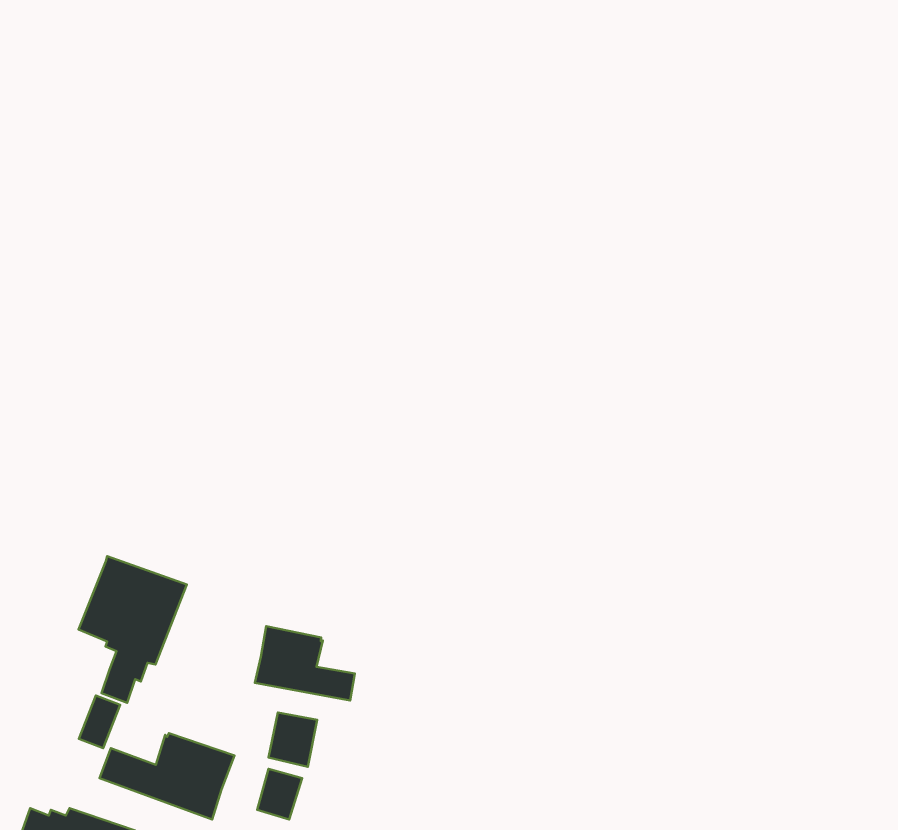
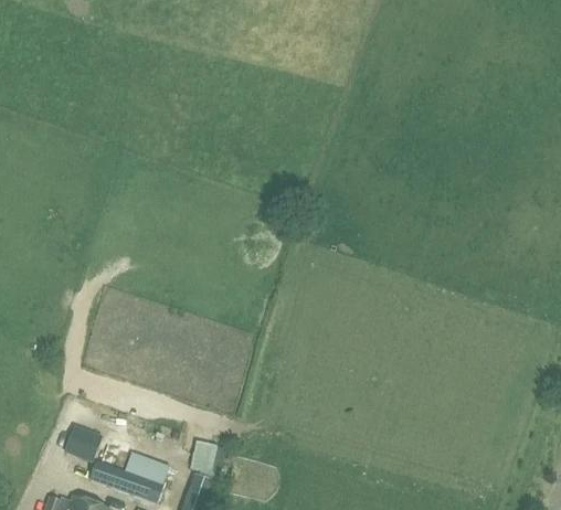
building: [79,556,187,703] -> none
building: [255,626,355,701] -> none

